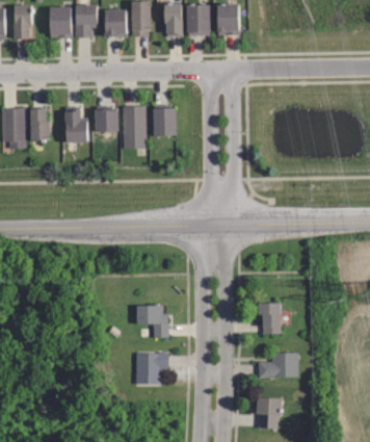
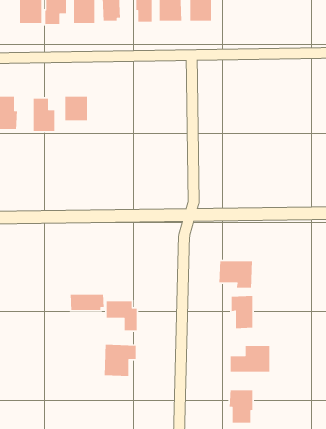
building: [121,105,143,147] -> none
building: [154,108,176,135] -> none
building: none -> [218,261,253,289]
building: none -> [70,294,104,311]

